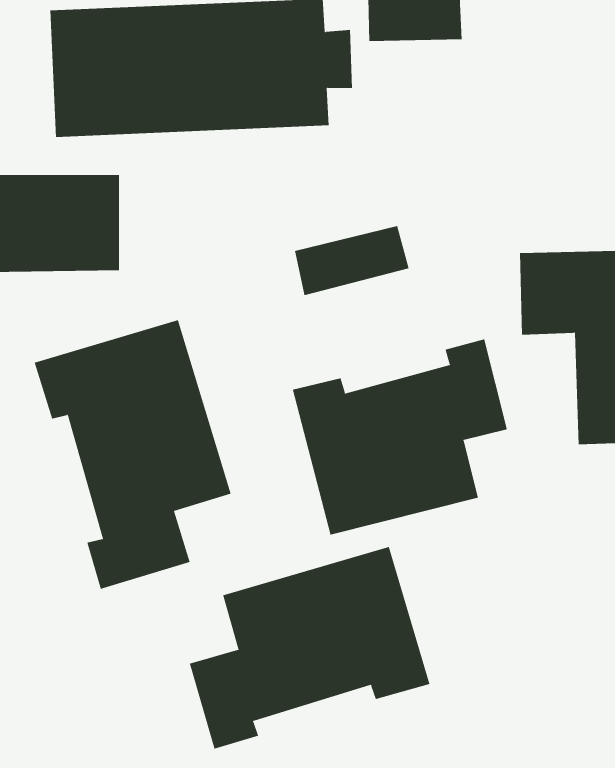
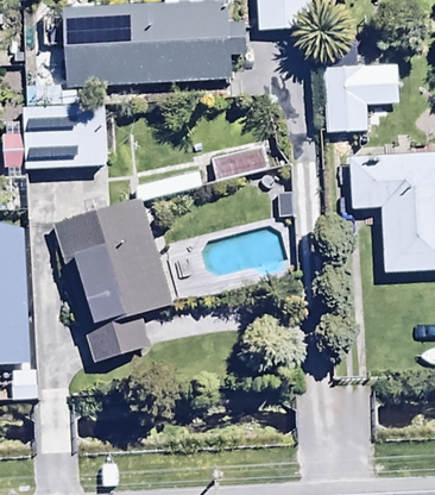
building: none -> [321,63,367,131]
building: [292,339,508,536] -> none
building: [189,546,430,750] -> none

